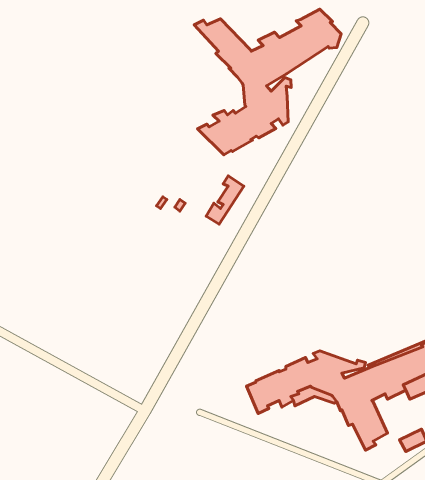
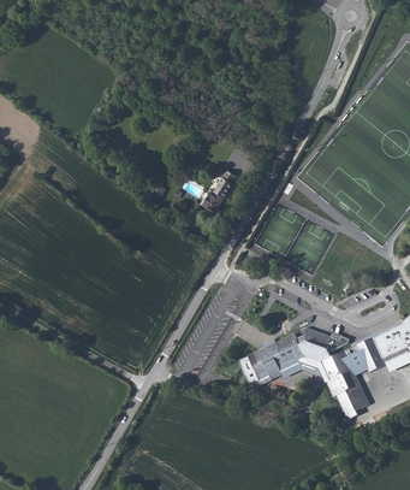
building: [194,9,341,155] -> none

